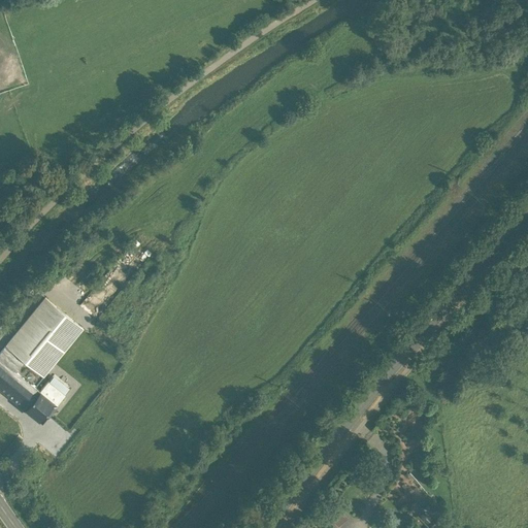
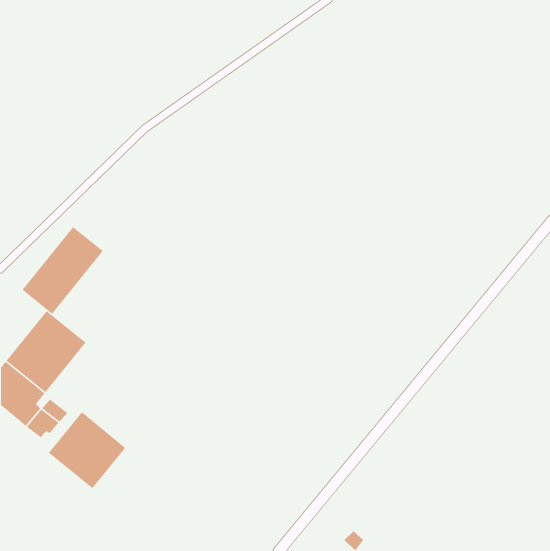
building: none -> [21,226,104,315]
building: none -> [48,411,126,489]

